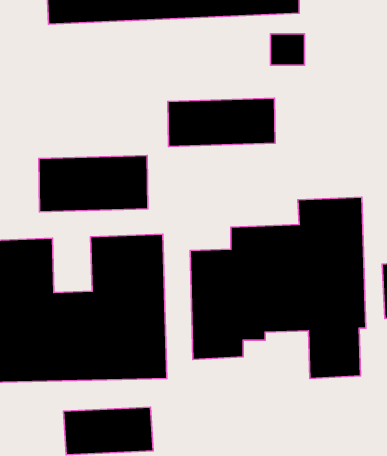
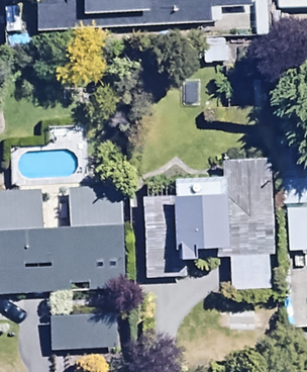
building: [168,98,275,146] -> none
building: [39,155,148,212] -> none

